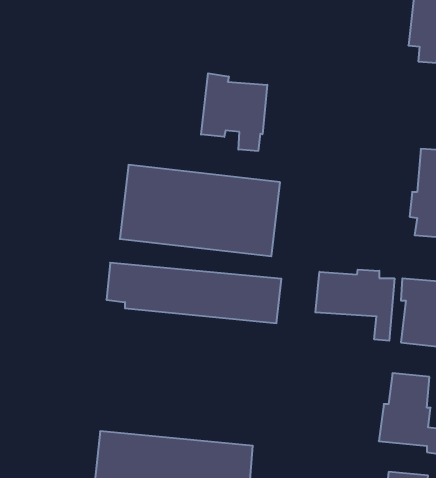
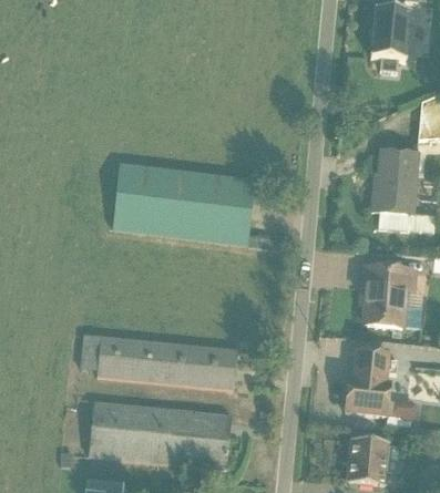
building: [201,73,267,151] -> none
building: [106,263,281,323] -> [81,335,238,389]
building: [315,270,394,341] -> none

